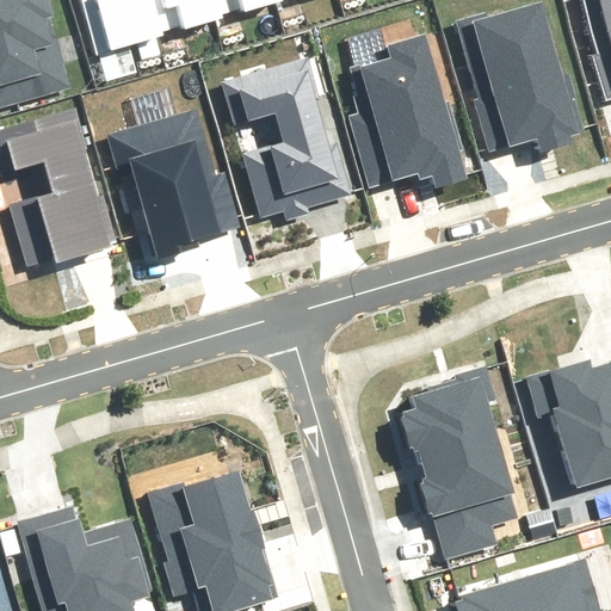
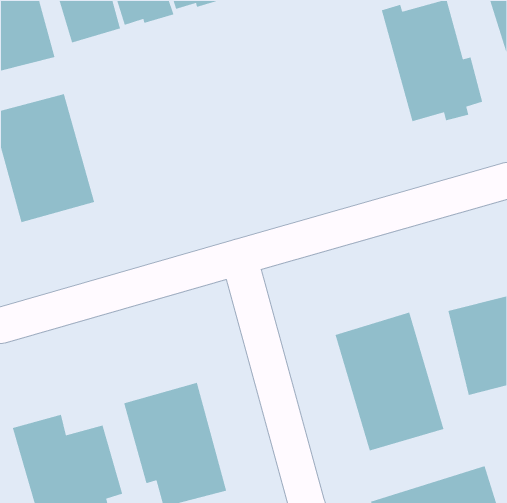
building: [352,35,463,189] -> none
building: [222,60,345,220] -> none
building: [115,116,239,247] -> none

